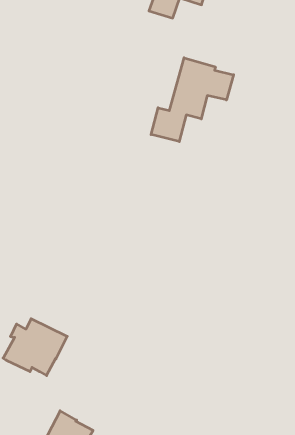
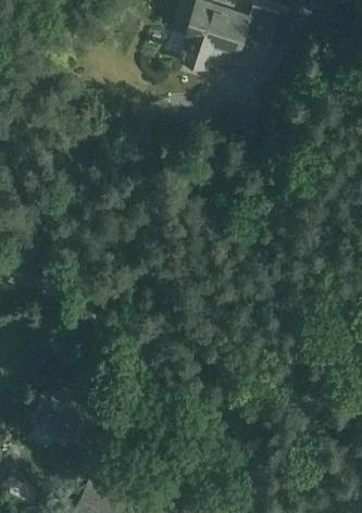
building: [151,58,234,142] -> none

